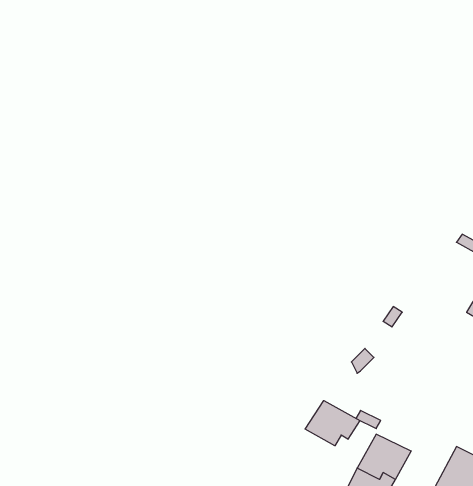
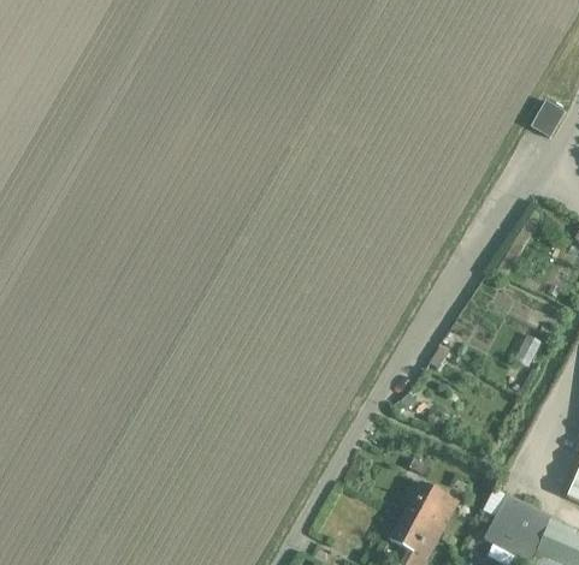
building: [305,401,360,446] -> none

